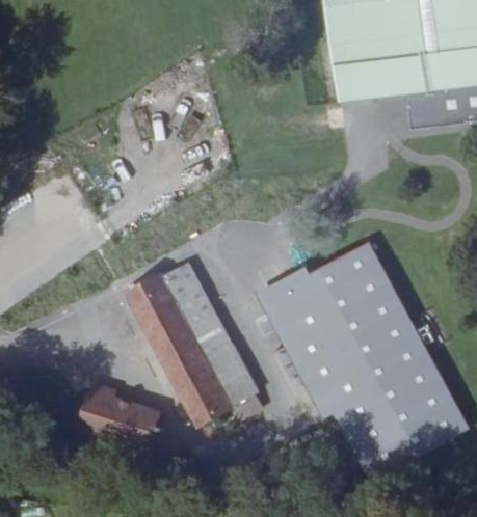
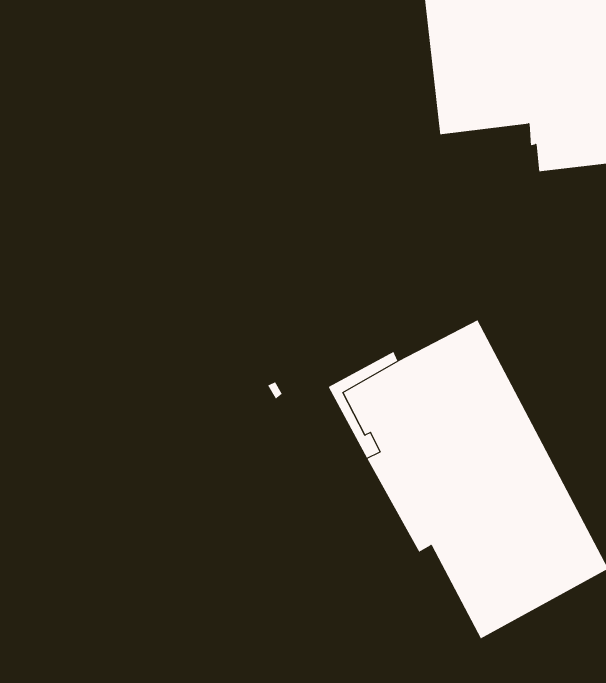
building: [124,262,256,425] -> none
building: [78,389,167,451] -> none

